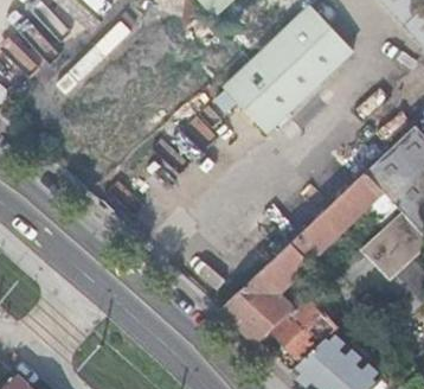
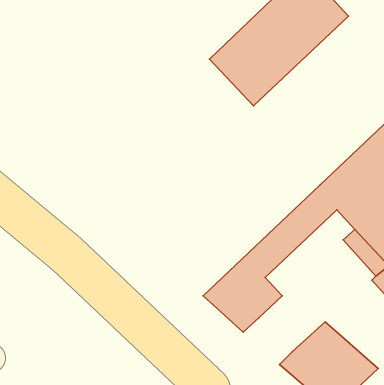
building: [272,295,338,358] -> none

